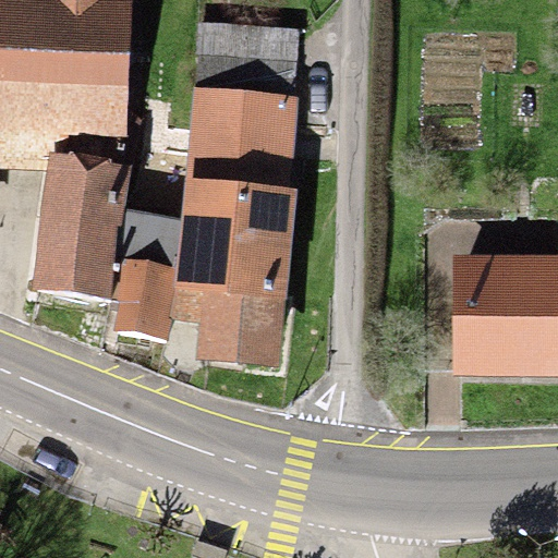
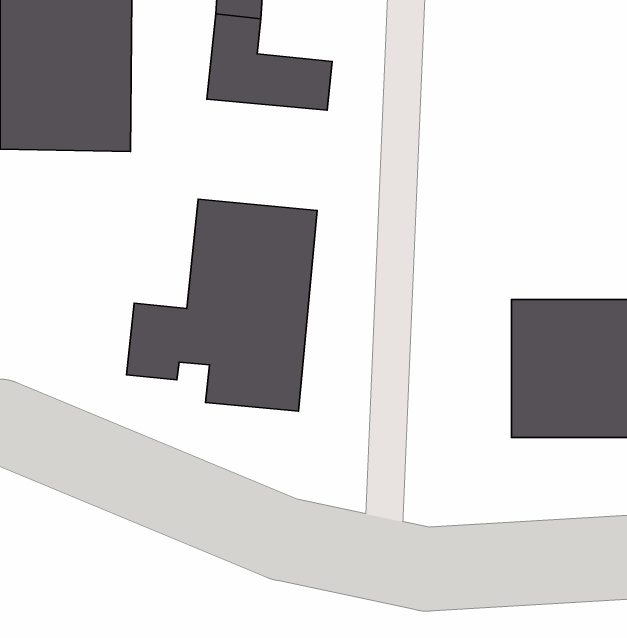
building: [184,86,296,183] -> none
building: [40,157,123,289] -> none

